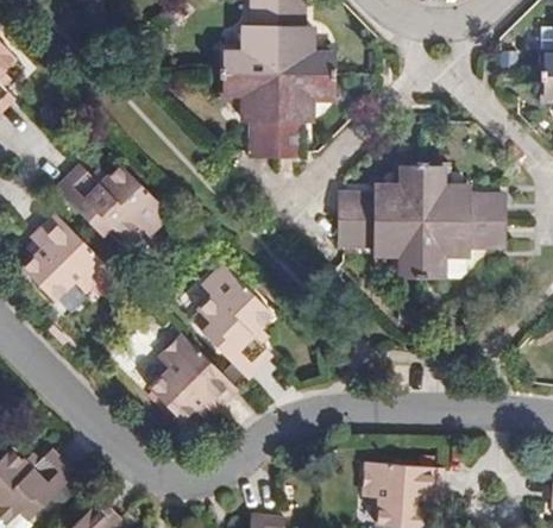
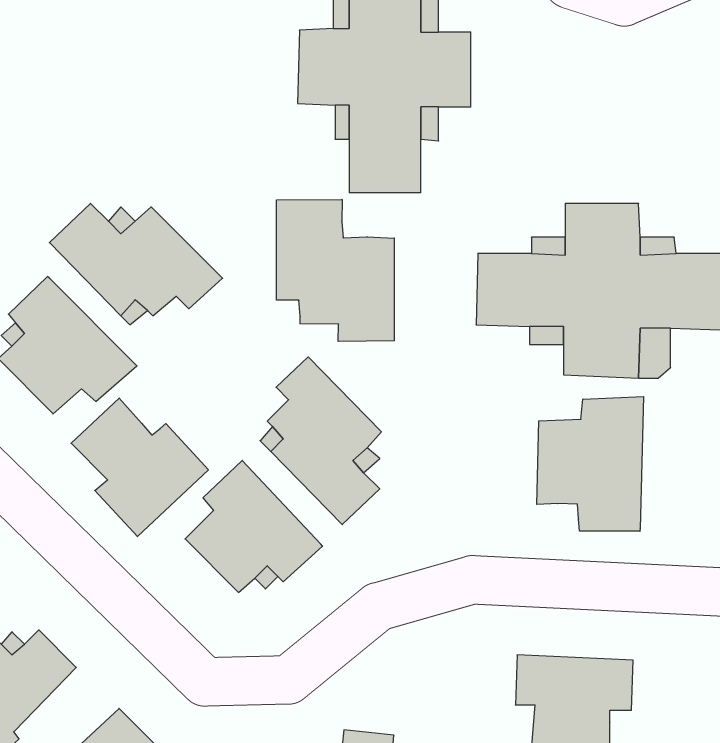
building: none -> [277,199,394,341]
building: none -> [537,397,643,531]
building: none -> [71,398,208,537]

